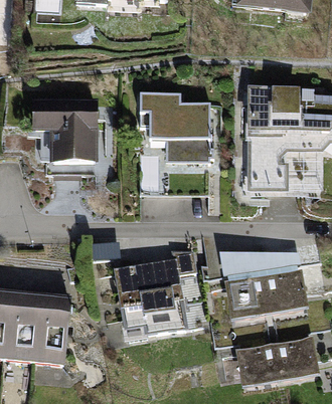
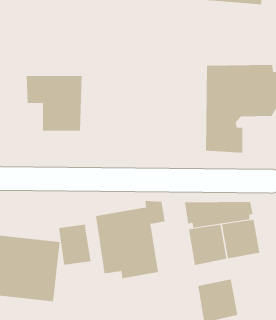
building: [140,92,211,162] -> none
building: none -> [59,224,91,266]
building: [276,337,321,386] -> none

